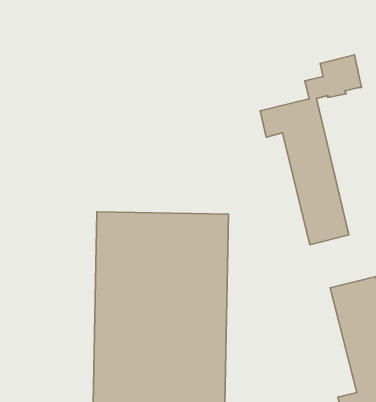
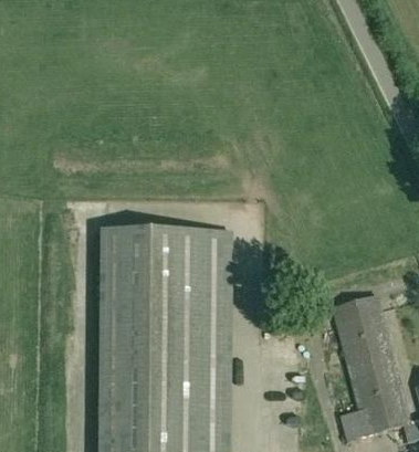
building: [260,55,361,245] -> none

